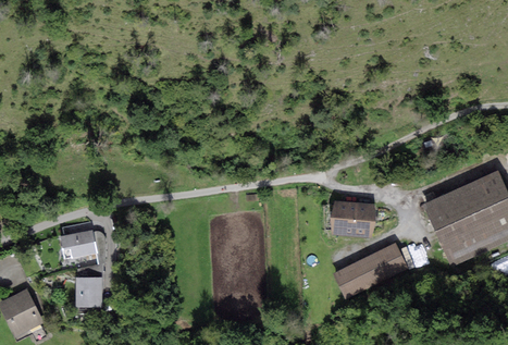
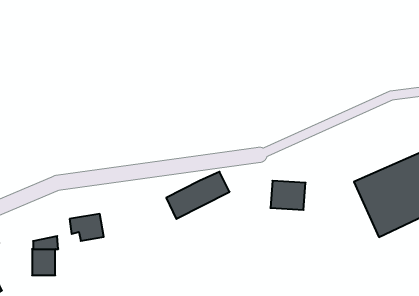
building: [60,229,97,258] -> [70,214,104,241]
building: [336,245,405,296] -> [166,172,230,219]

